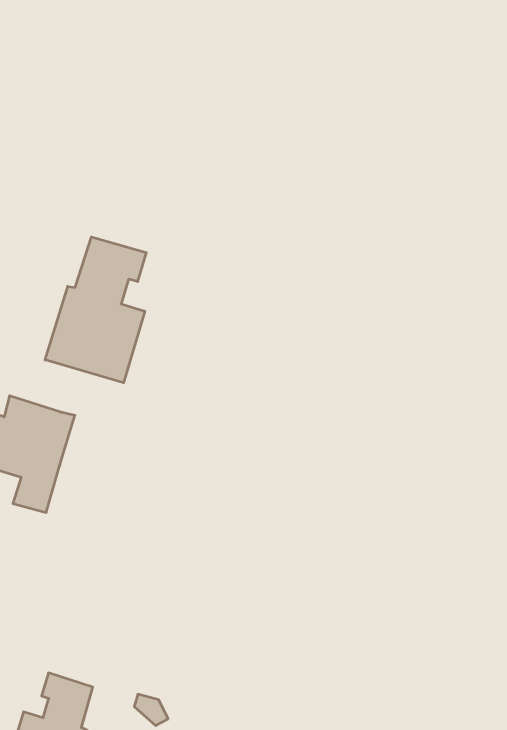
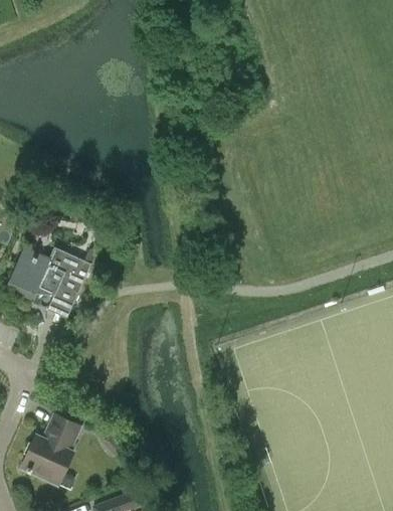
building: [45,237,146,383] -> none

